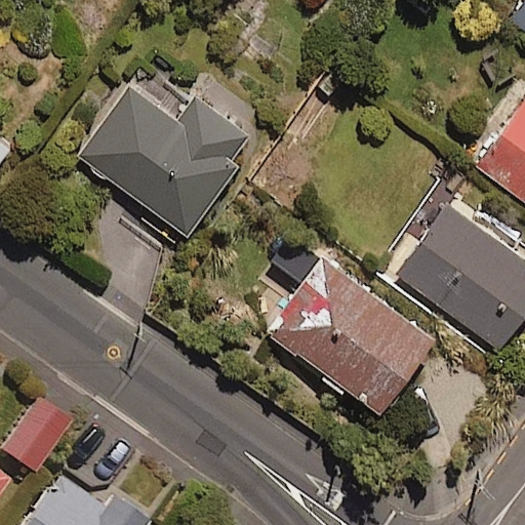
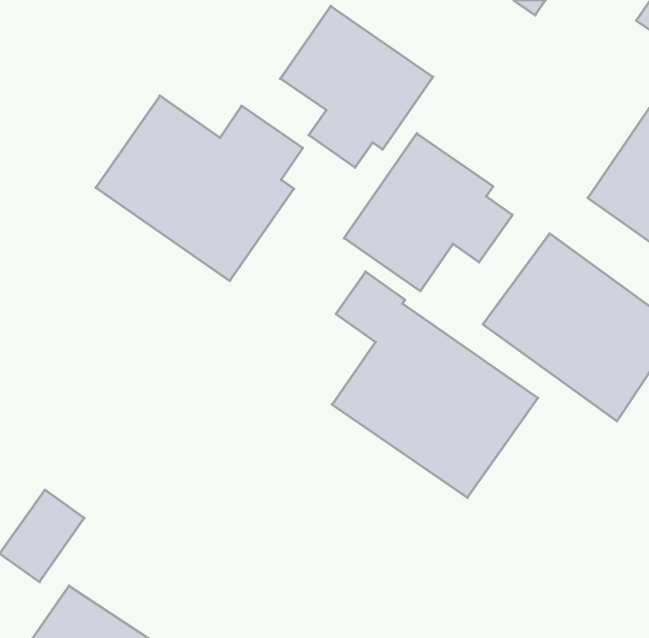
building: none -> [280,6,433,168]
building: none -> [344,133,512,291]

